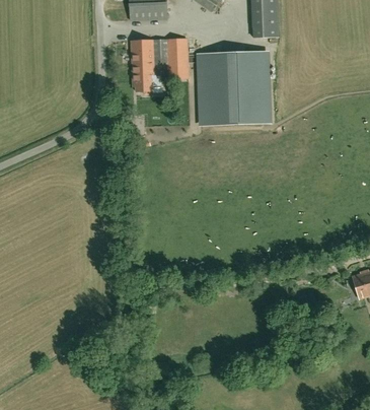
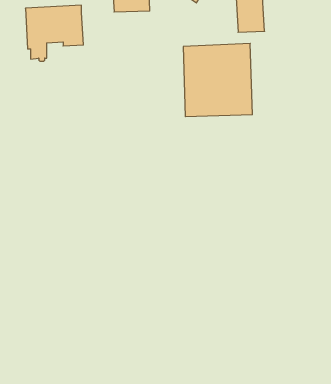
building: [130,38,188,93] -> [25,5,83,61]

